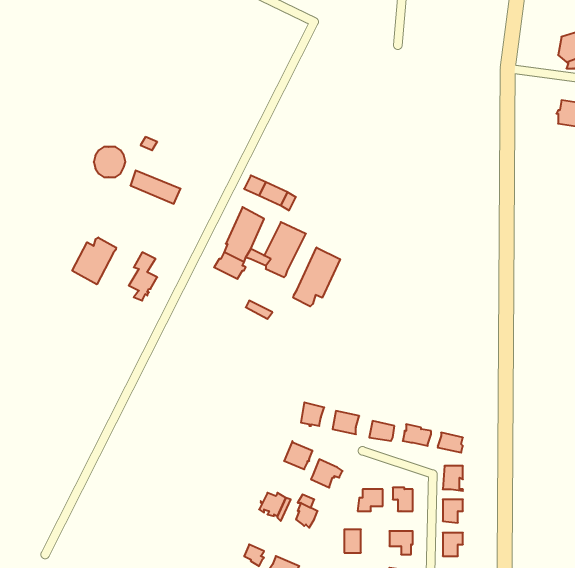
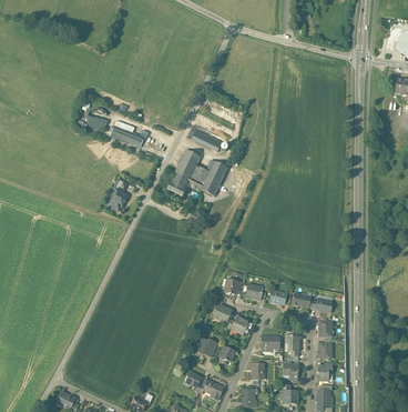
building: [72,237,116,284] -> none
building: [293,247,340,306] -> none

